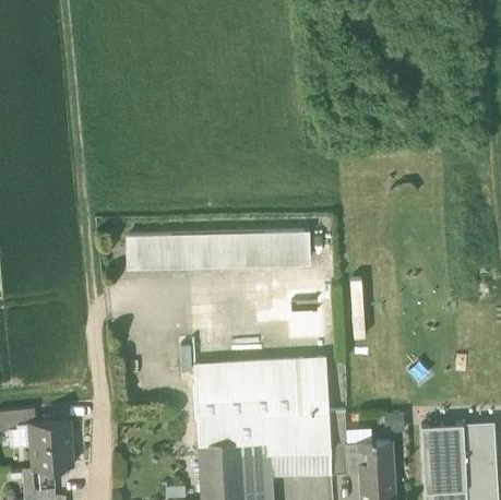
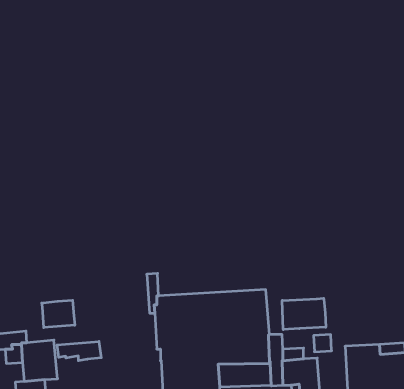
building: [131,233,308,267] -> none
building: none -> [282,298,326,330]
building: none -> [42,300,75,328]
building: none -> [57,341,101,361]

